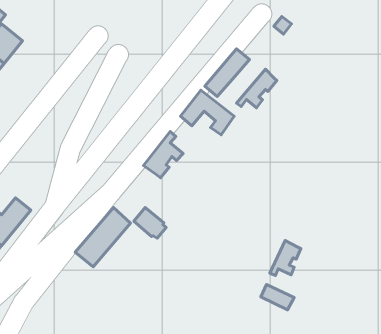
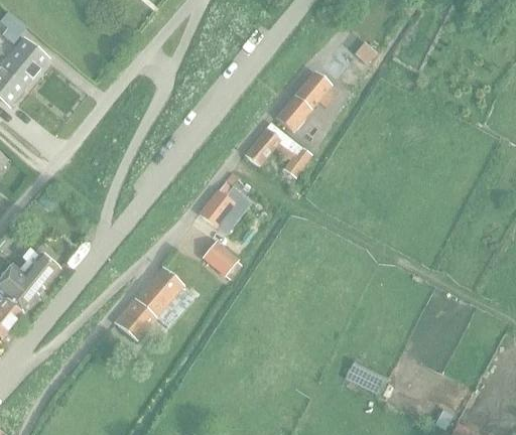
building: [236,69,277,108] -> none
building: [134,207,166,238] -> [202,239,242,277]
building: [270,240,301,276] -> none

